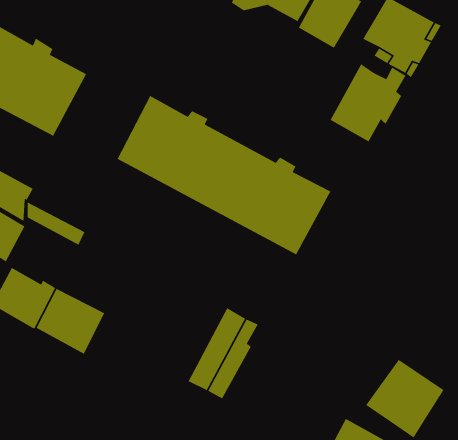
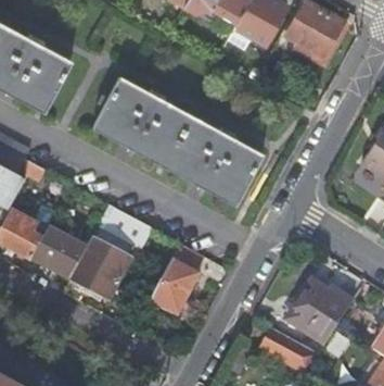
building: [329,63,406,143] -> none
building: none -> [97,203,151,248]
building: none -> [61,237,129,300]

